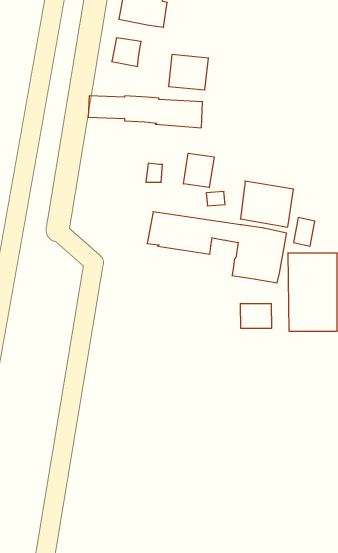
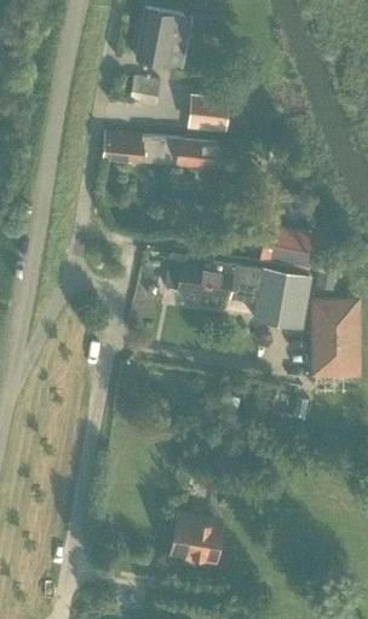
building: [183,153,214,188] -> none
building: [240,303,271,328] -> none
building: none -> [172,515,219,560]

